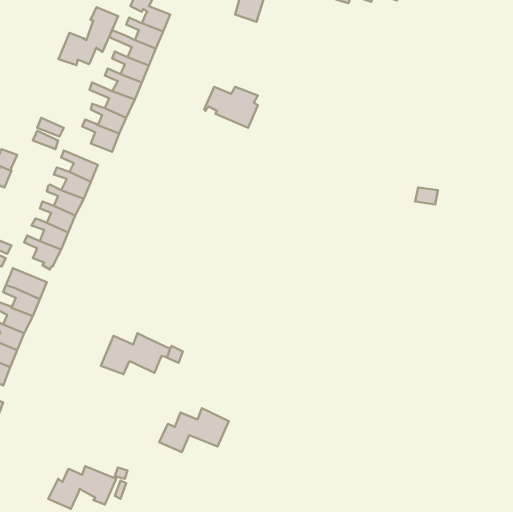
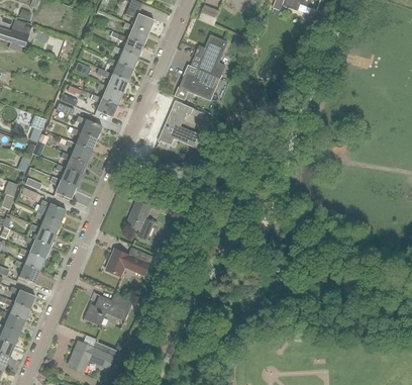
building: [58,7,118,65] -> none
building: none -> [195,34,226,78]
building: none -> [159,100,204,147]
building: none -> [125,194,156,239]
building: [159,408,229,452] -> [83,291,132,322]

